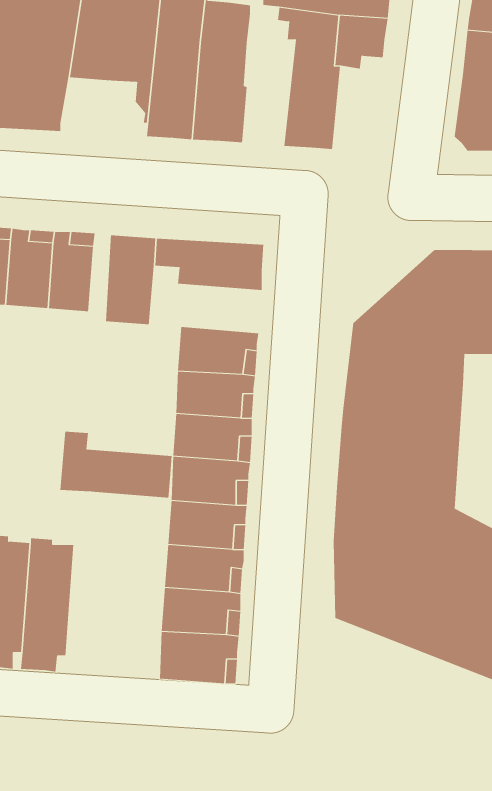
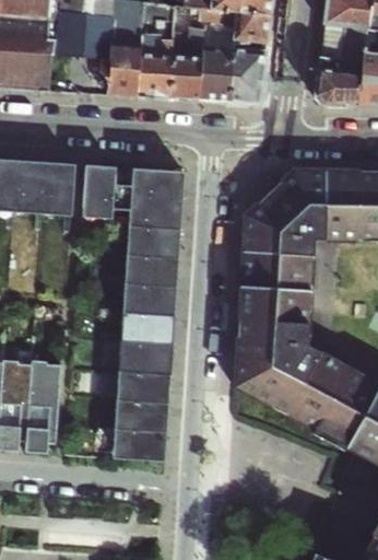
building: none -> [172,16,206,101]
building: none -> [232,40,265,104]
building: [59,431,172,498] -> [109,180,185,225]

